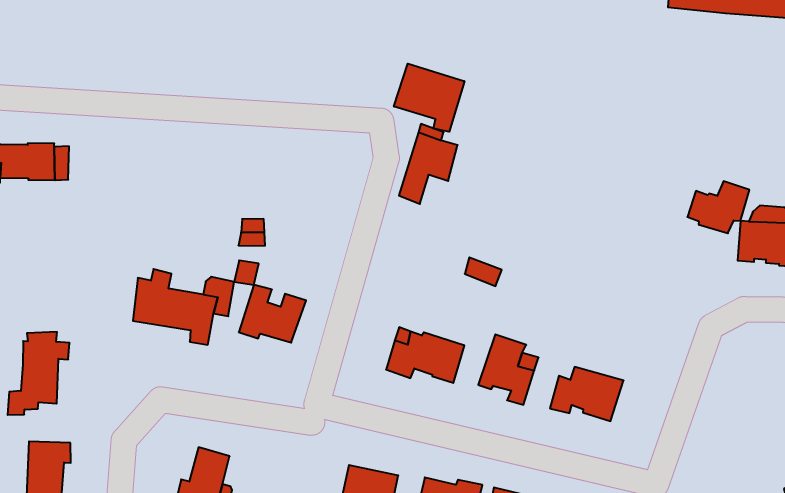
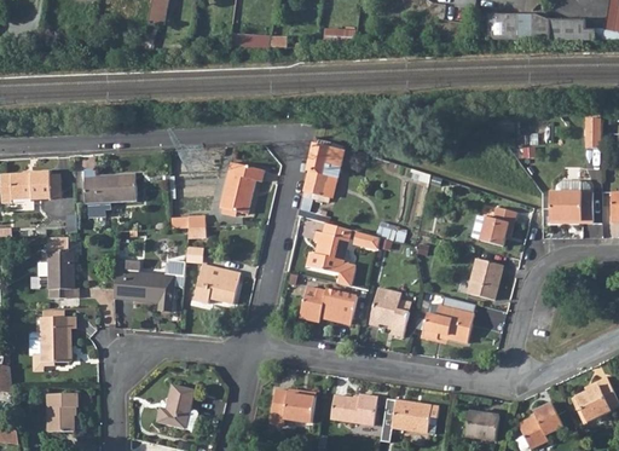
building: [394,64,464,132] -> none
building: none -> [83,169,138,203]
building: none -> [221,161,265,213]
building: [687,181,749,233] -> [472,207,515,244]
building: none -> [46,249,71,299]
building: none -> [308,232,357,287]
building: none -> [468,258,503,300]

